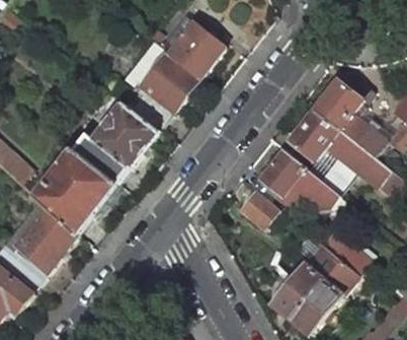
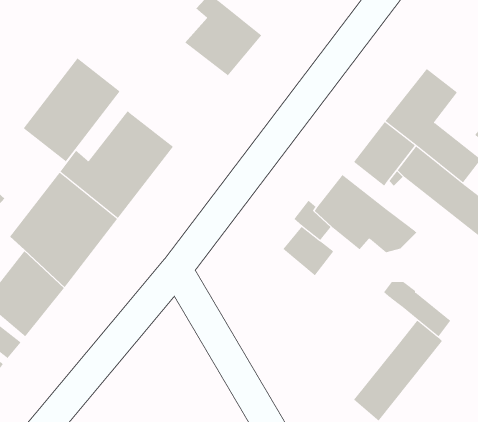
building: [123,52,195,130] -> [23,58,121,162]
building: [270,243,336,319] -> none

